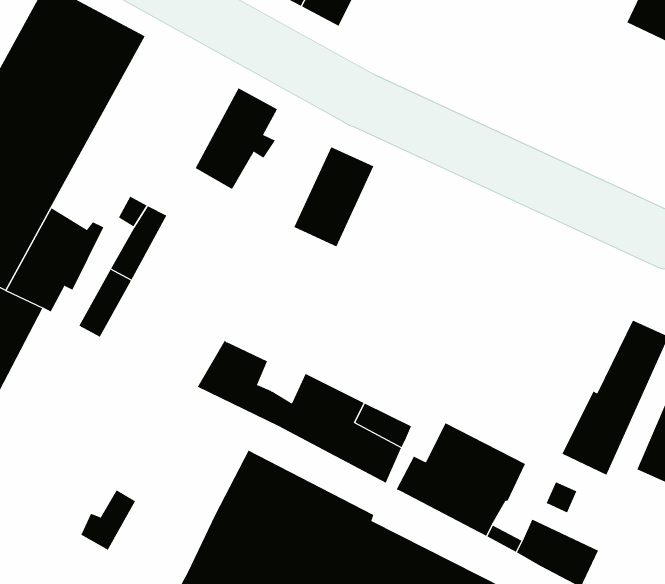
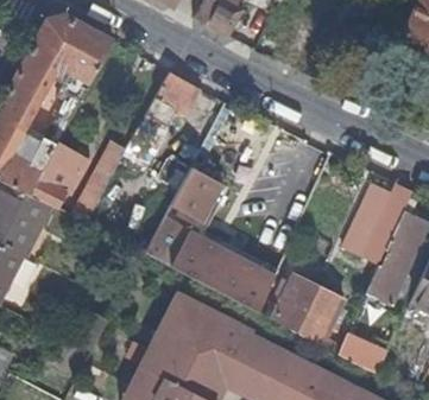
building: none -> [162,174,222,255]
building: none -> [342,183,414,262]

